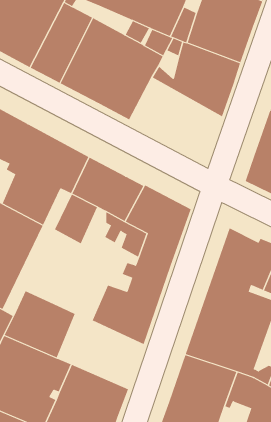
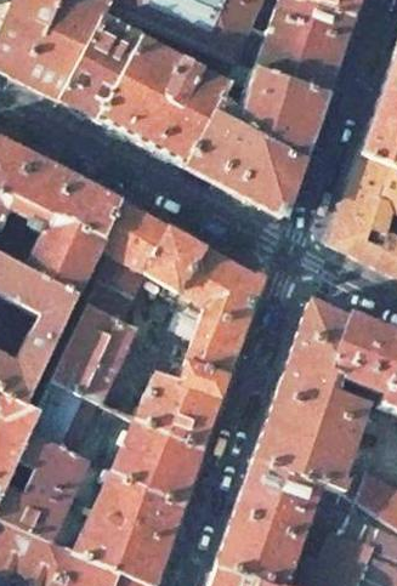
building: none -> [186,110,302,215]
building: none -> [55,301,137,399]
building: none -> [113,415,204,501]

